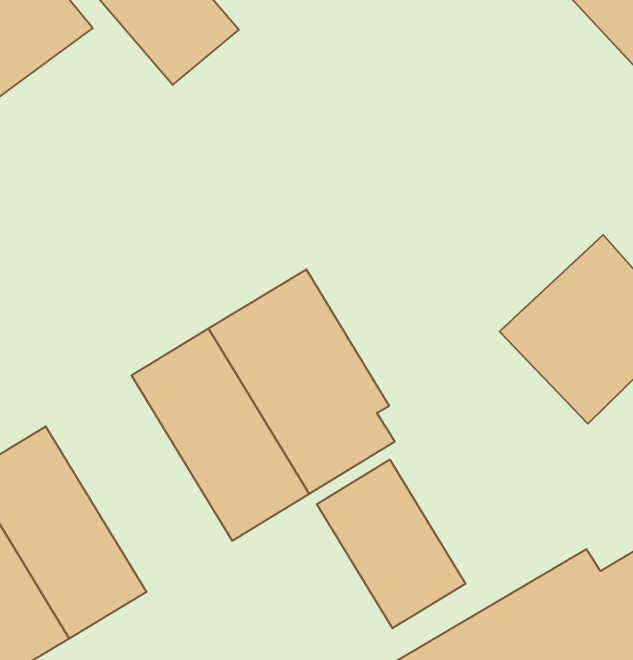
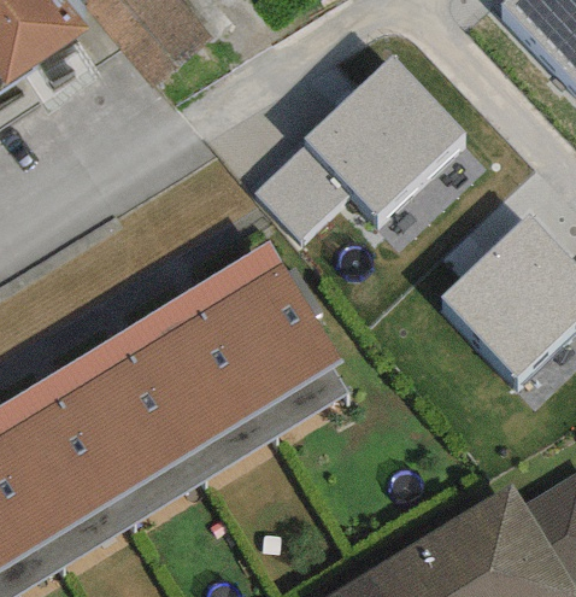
building: none -> [252,55,463,242]
building: none -> [41,335,204,525]
building: [317,460,465,628] -> none

